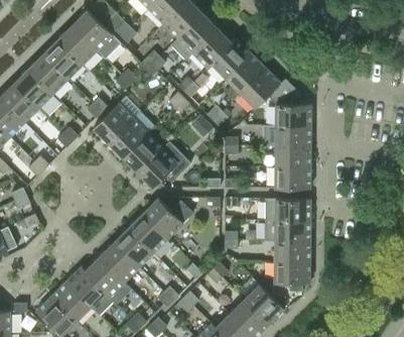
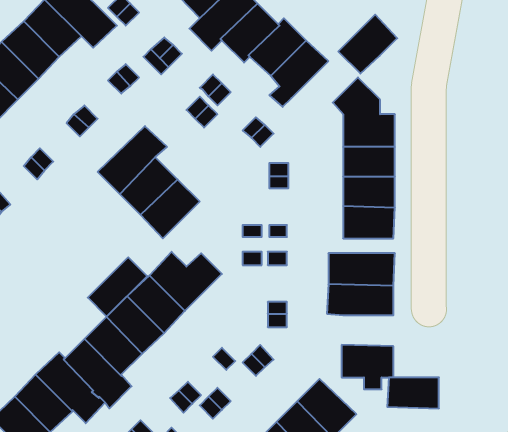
building: [240,68,280,108] -> [338,15,397,74]
building: [93,96,140,143] -> none
building: none -> [88,257,147,317]
building: [274,241,309,262] -> [387,377,439,408]

